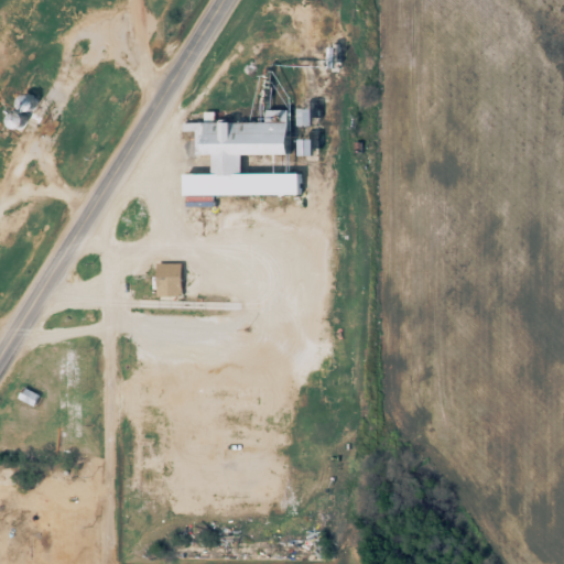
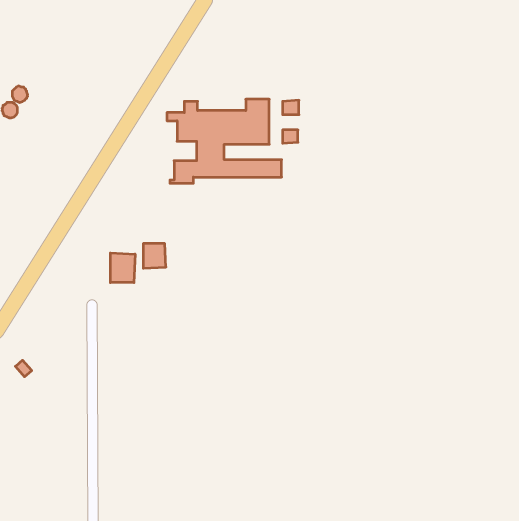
building: none -> [110,253,135,283]

